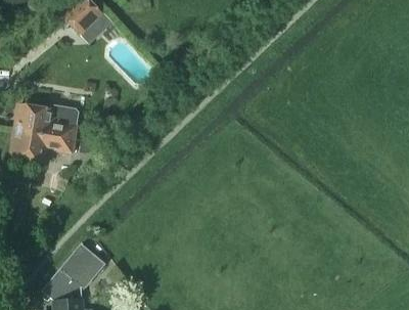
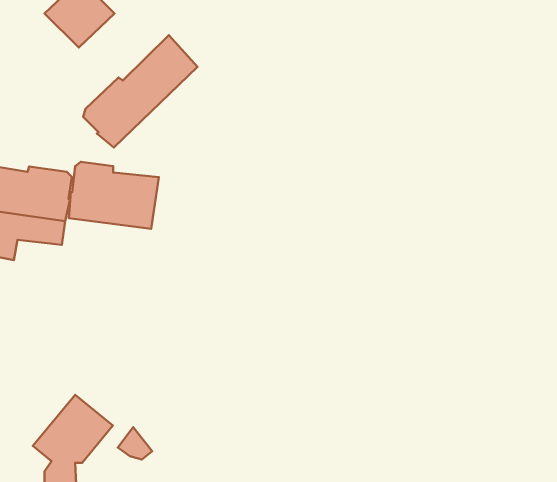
building: none -> [83,35,198,147]
building: none -> [69,162,159,229]

